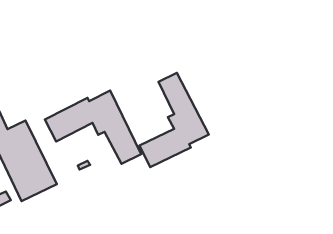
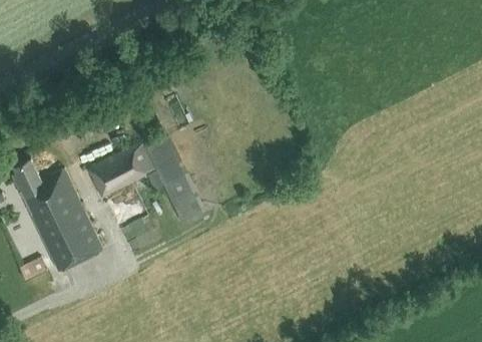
building: [140,73,209,167] -> none

